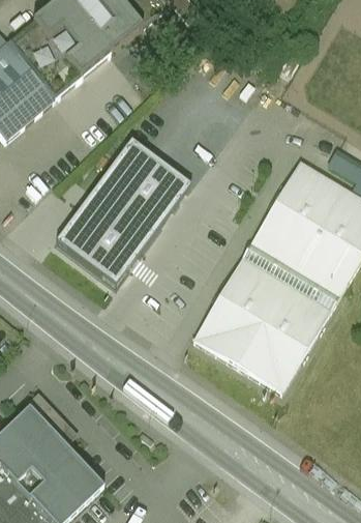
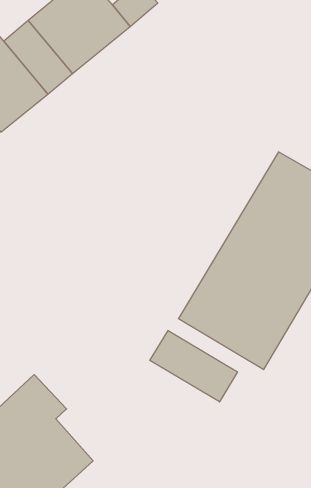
building: [58,141,191,286] -> none
building: none -> [150,330,238,402]

